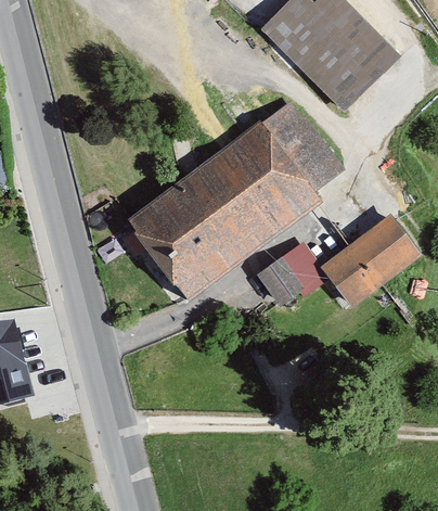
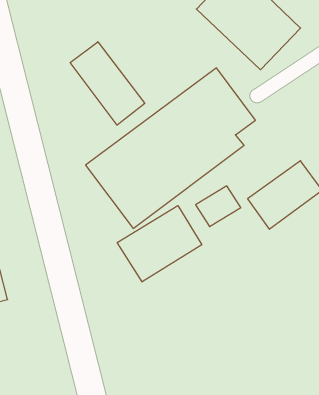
building: none -> [70,42,145,125]
building: none -> [117,206,202,282]

